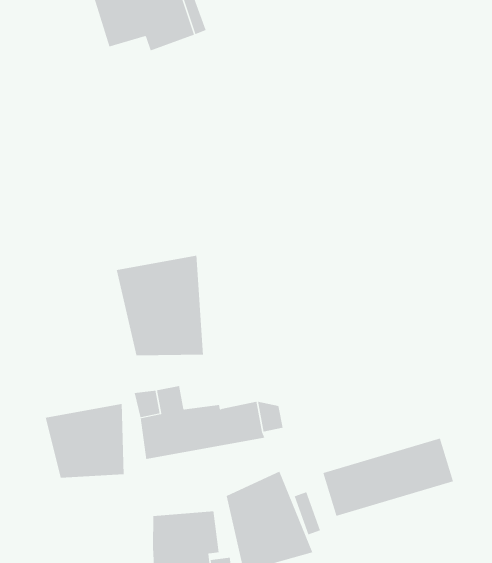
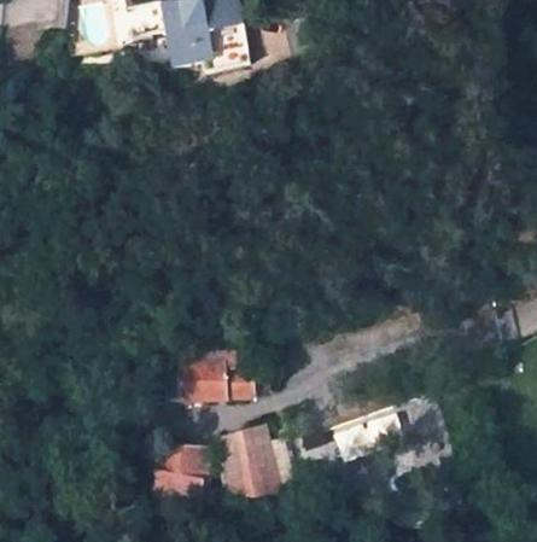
building: [116,255,204,356] -> none
building: [45,403,124,479] -> none

